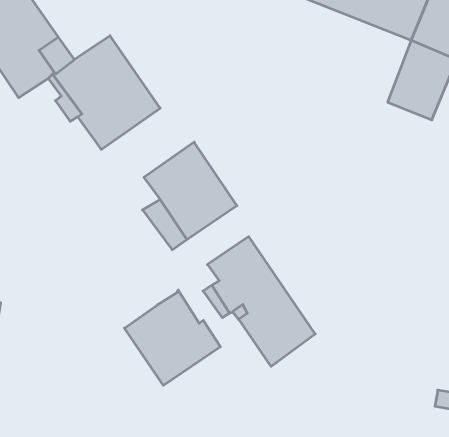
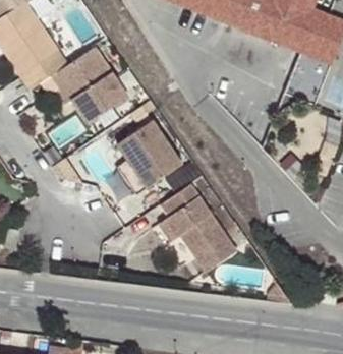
building: [124,290,220,385] -> none

